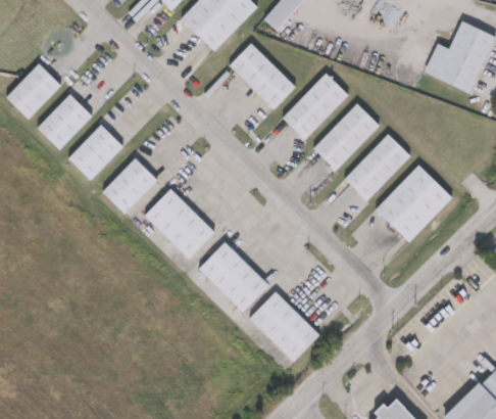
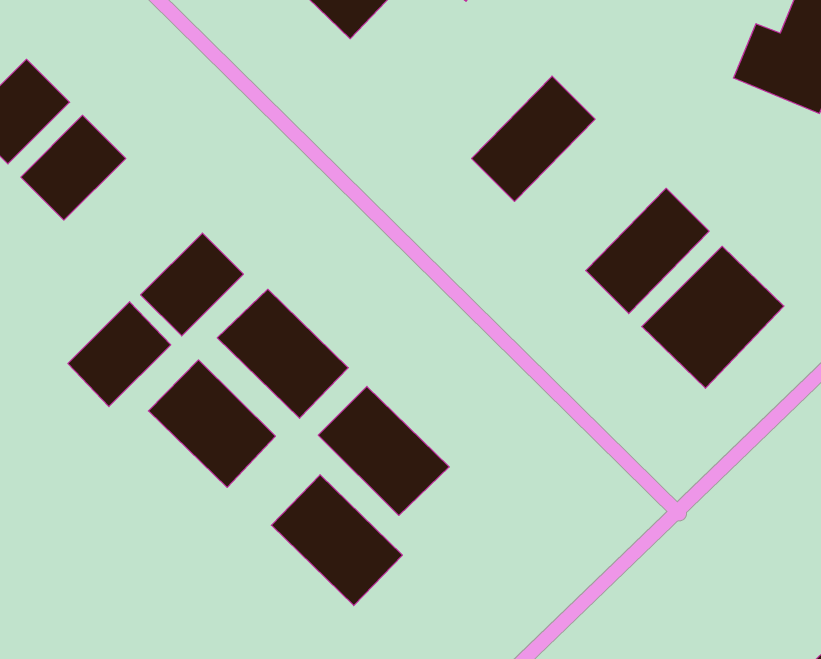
building: [229,41,296,109] -> none
building: [312,102,381,171] -> none
building: [67,124,123,181] -> [68,302,171,407]
building: none -> [148,360,275,487]
building: [248,290,319,362] -> [271,475,402,606]

